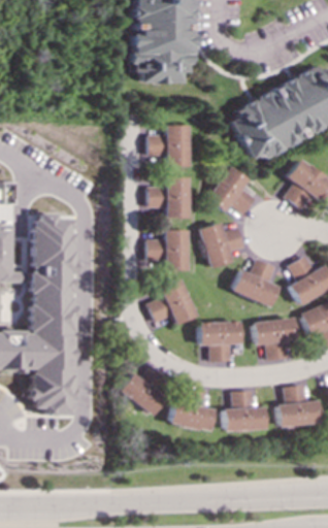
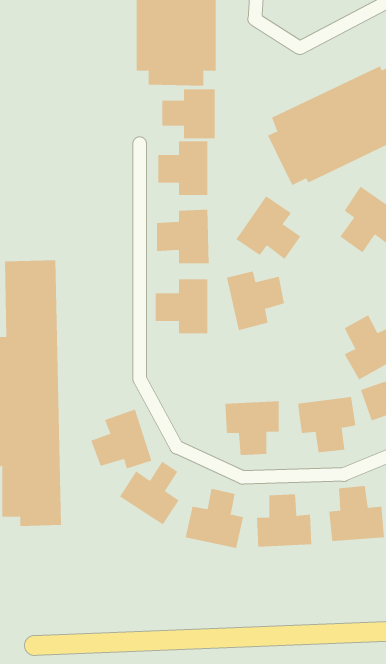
building: none -> [162,88,215,139]
building: [232,259,277,306] -> none
building: [149,278,195,324] -> [90,409,152,469]

